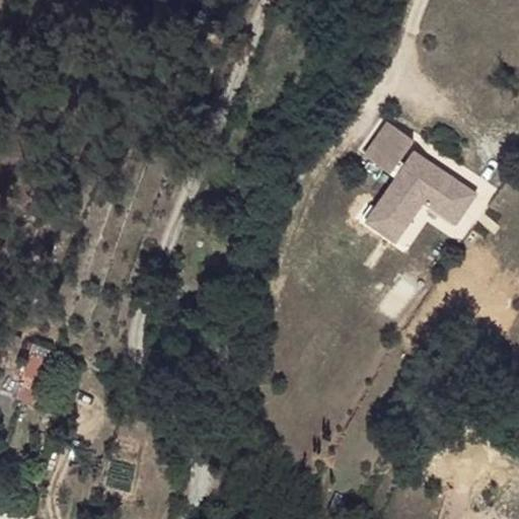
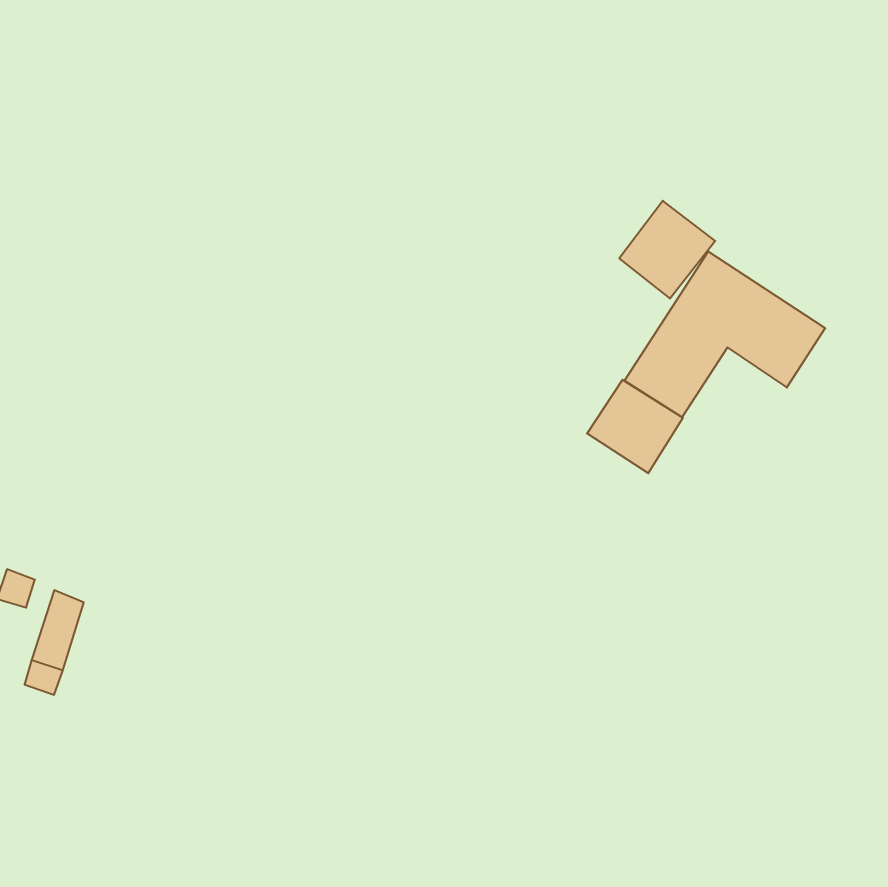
building: none -> [587,380,683,473]

